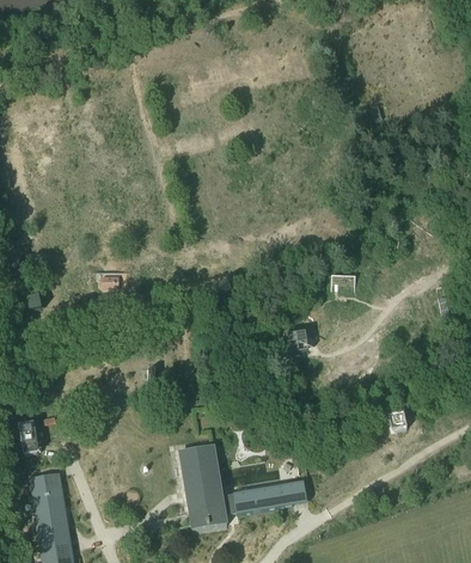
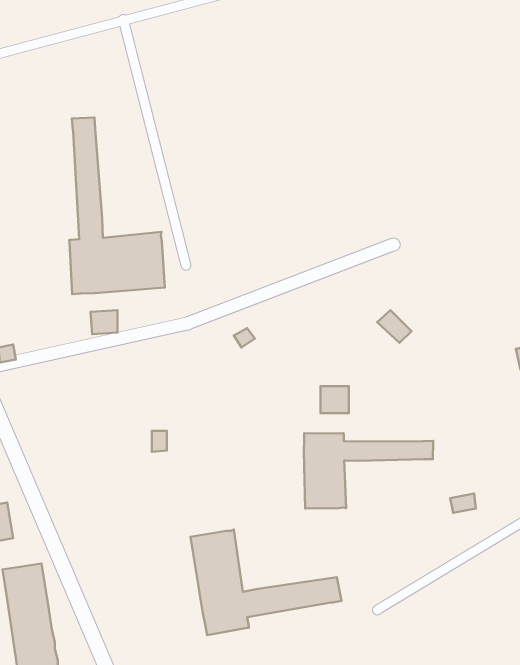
building: none -> [69,117,165,294]
building: none -> [304,433,433,508]

